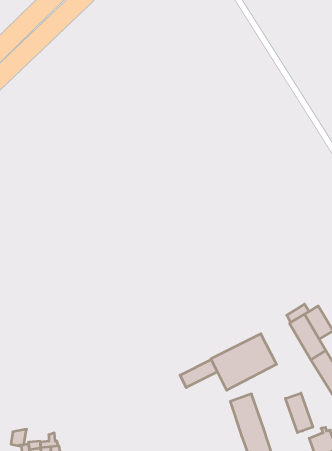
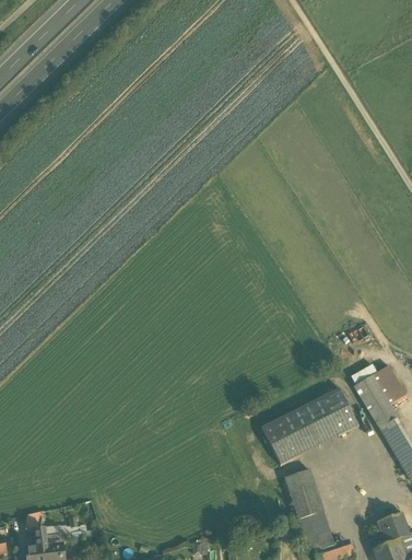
building: none -> [320,389,358,435]
building: [180,359,217,388] -> none
building: [285,393,313,433] -> none

